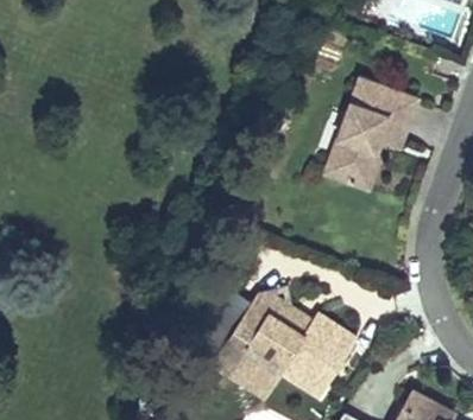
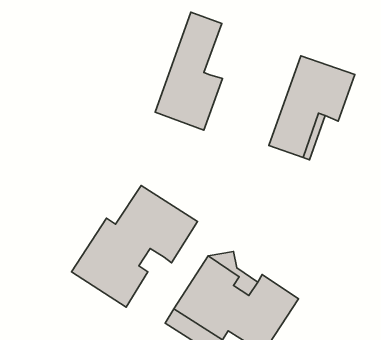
building: none -> [155,12,222,130]
building: none -> [71,185,197,307]

